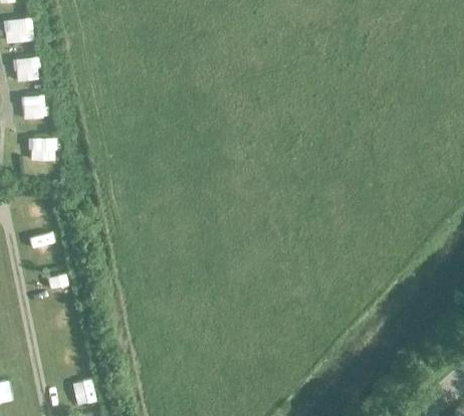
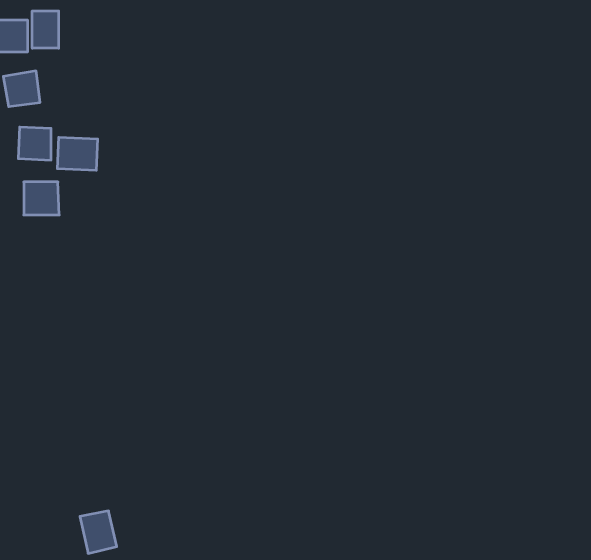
building: none -> [32,11,59,48]
building: none -> [57,137,98,170]

